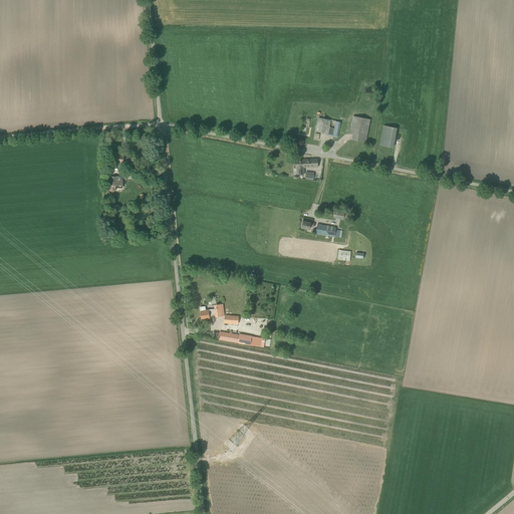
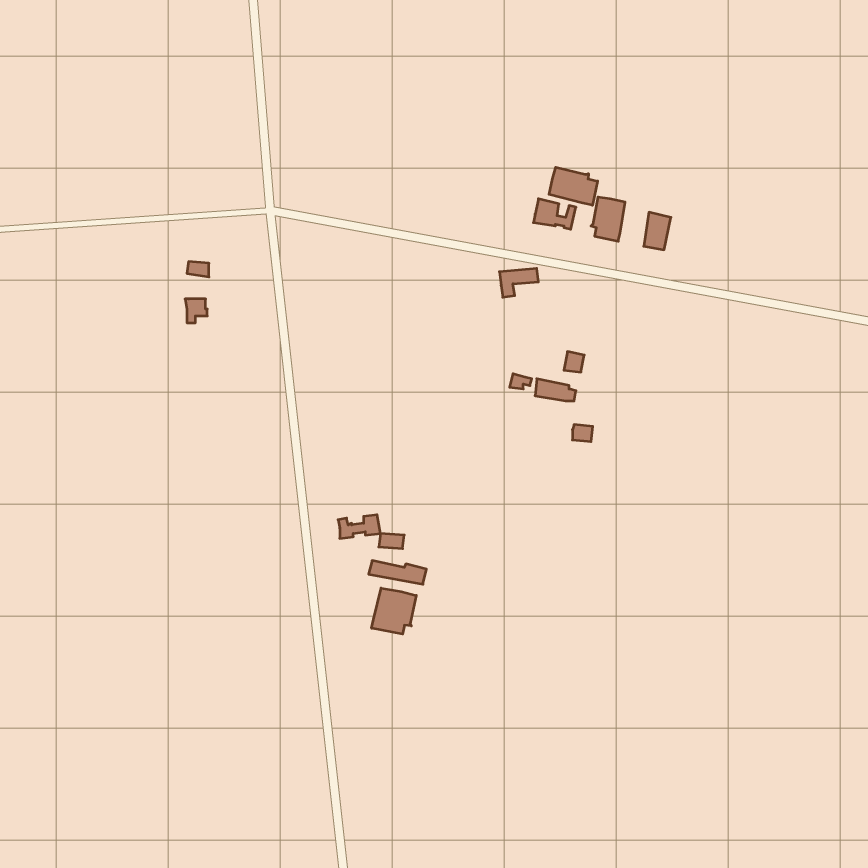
building: none -> [549,167,598,205]
building: none -> [372,588,416,634]

